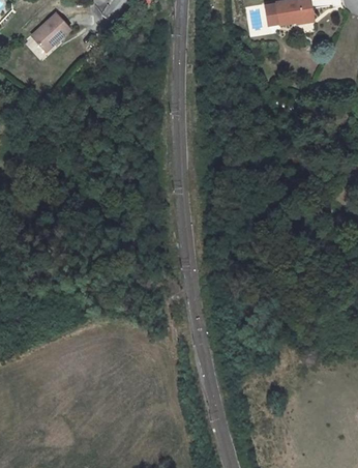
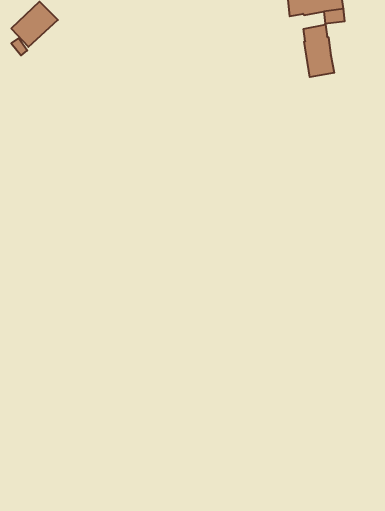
building: none -> [304,24,334,77]

